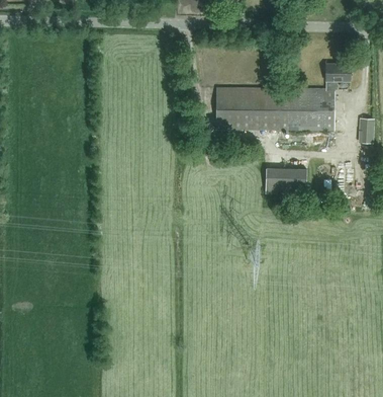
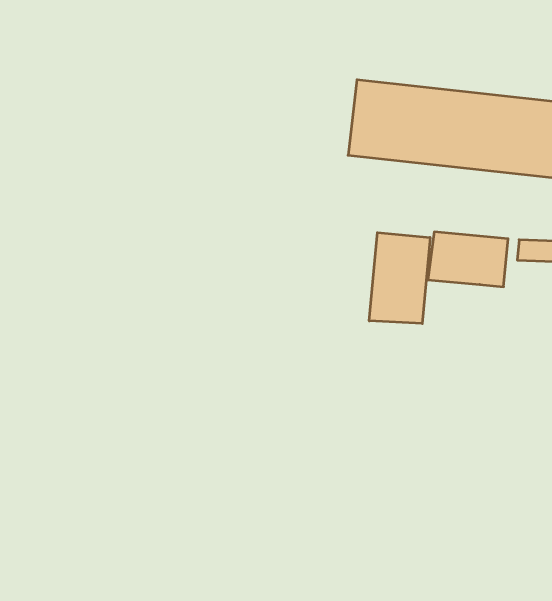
building: none -> [369,233,430,324]

